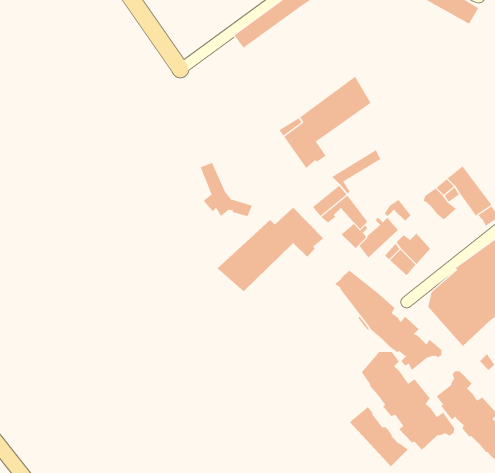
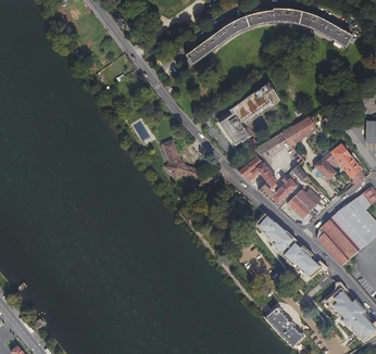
building: none -> [283,116,316,146]
building: [217,207,324,292] -> none
building: [361,351,455,450] -> none

